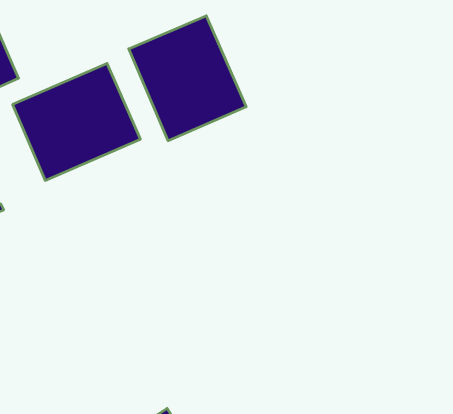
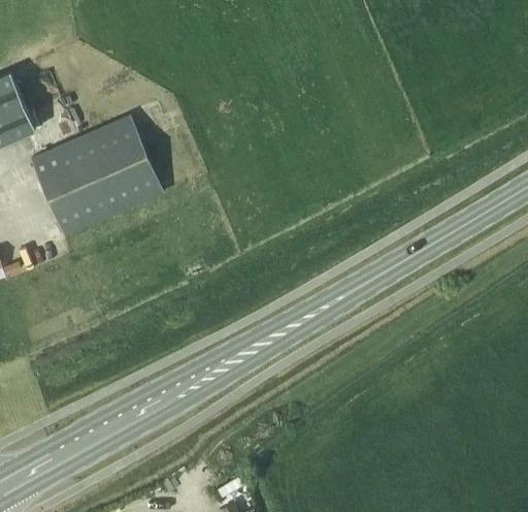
building: [129,16,246,141] -> none

